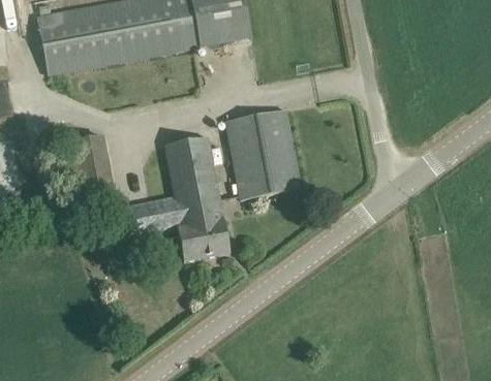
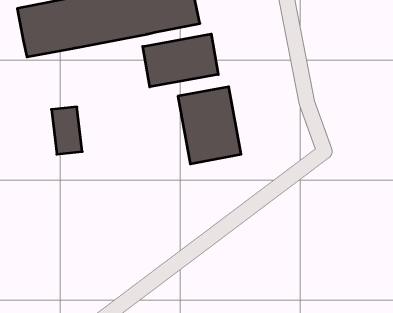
building: none -> [143,34,218,87]
building: [121,136,229,260] -> none

